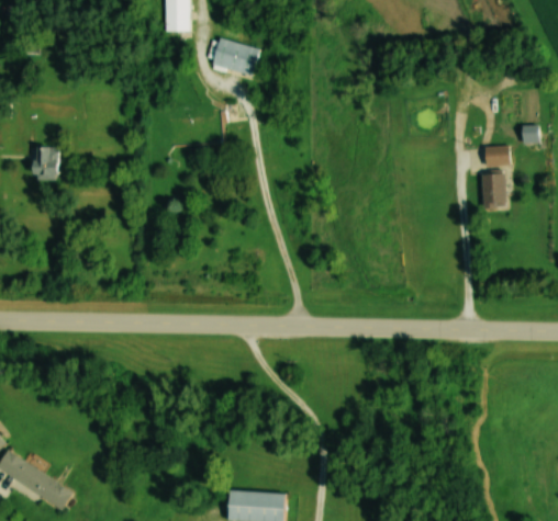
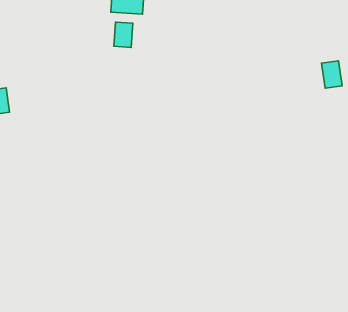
building: none -> [114,22,133,47]
building: [486,146,510,165] -> none

